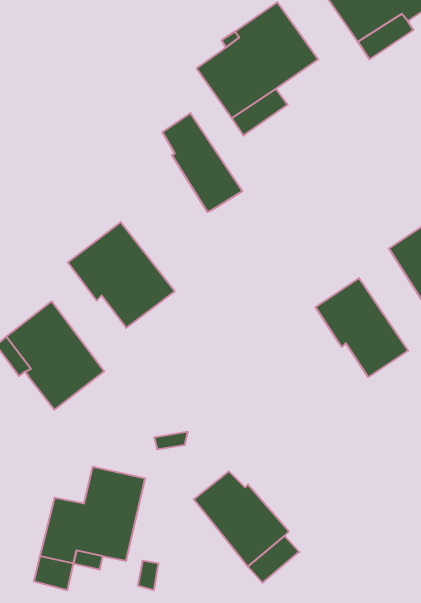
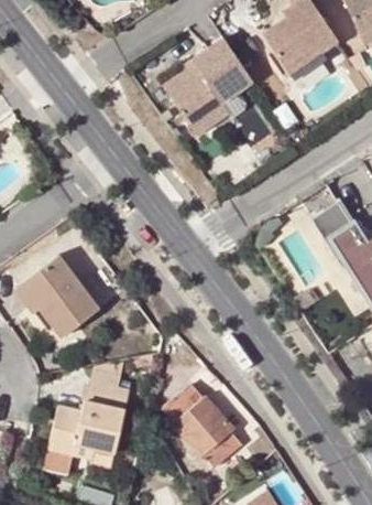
building: [163,113,242,212] -> none
building: [68,222,175,328] -> none
building: [315,278,408,377] -> none

